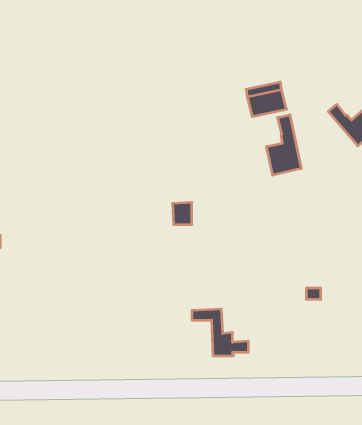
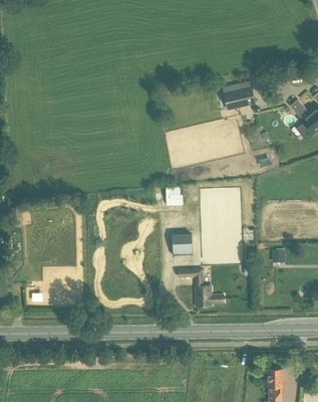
building: [267,115,301,175] -> none
building: none -> [171,233,192,254]

